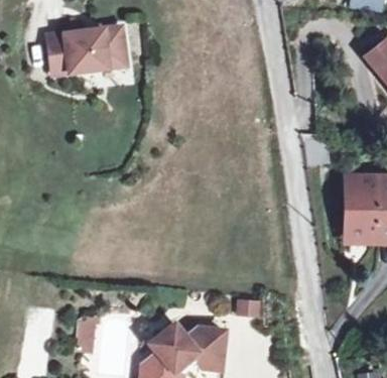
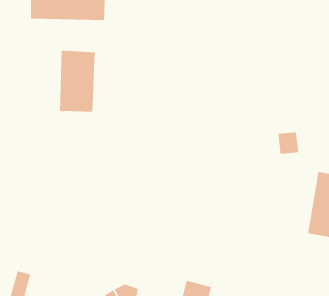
building: none -> [59,50,96,113]

